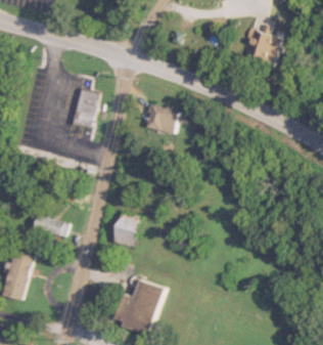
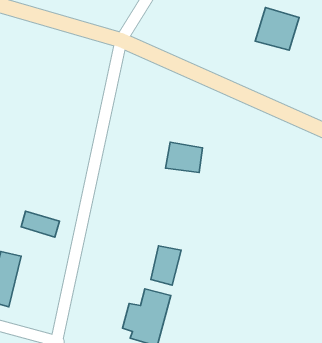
building: [70,90,94,126] -> none
building: [145,104,179,132] -> [166,142,203,173]
building: [112,211,140,247] -> [151,246,181,285]

